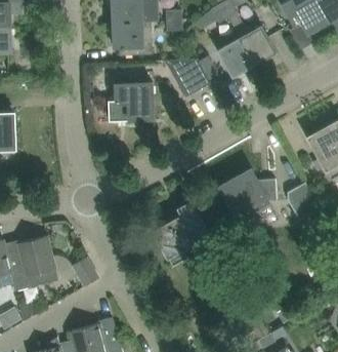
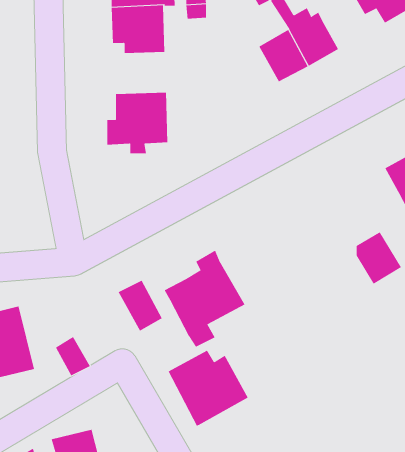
building: [165,58,210,96] -> none
building: [219,168,277,234] -> none
building: none -> [118,280,162,332]
building: none -> [168,350,249,427]

